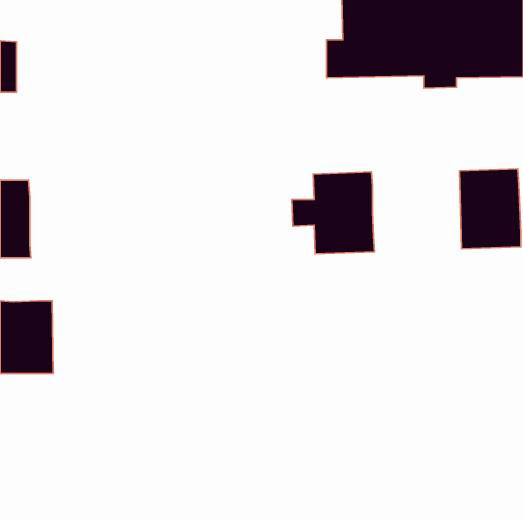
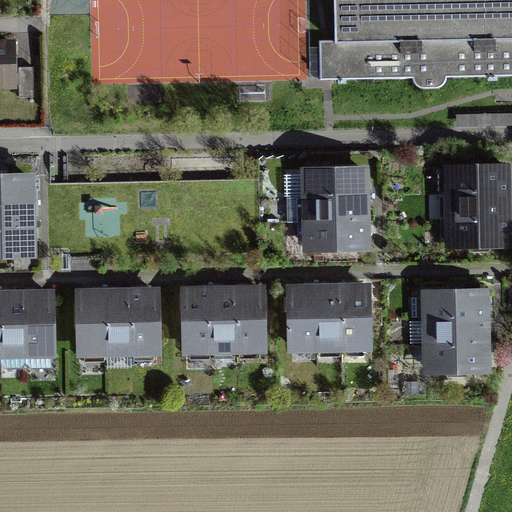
building: none -> [185,287,264,347]
building: none -> [289,287,368,344]
building: none -> [78,291,157,349]
building: none -> [425,291,487,367]

